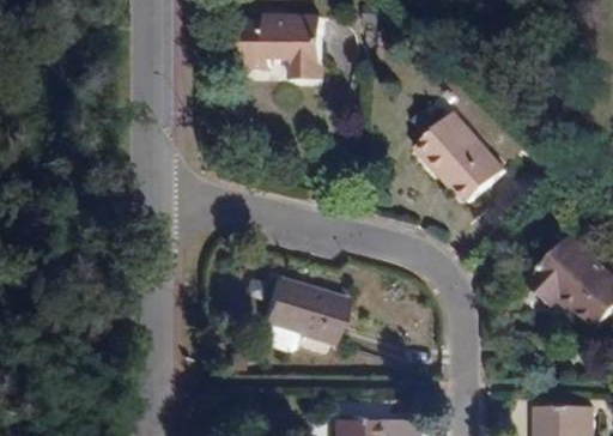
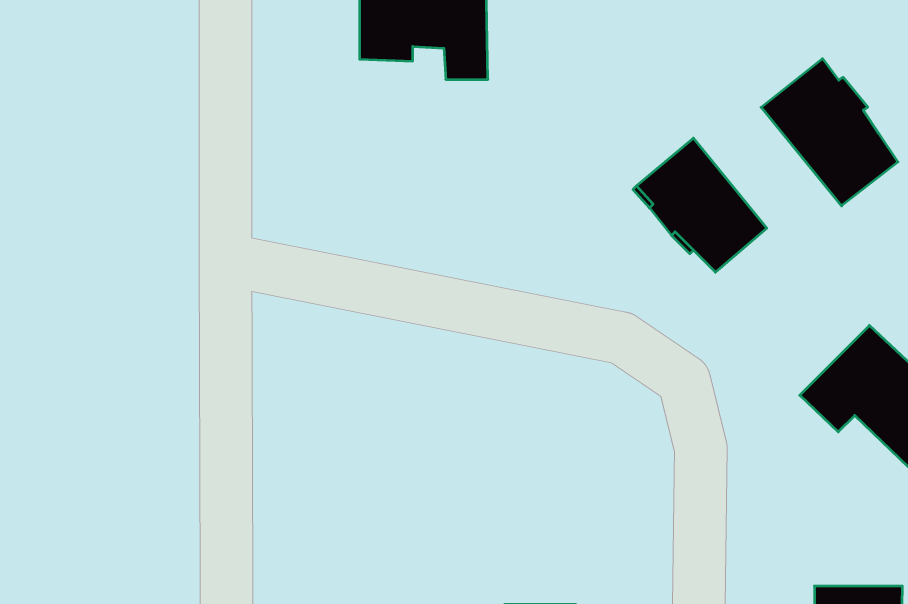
building: none -> [761,59,898,206]
building: [262,275,347,343] -> none

